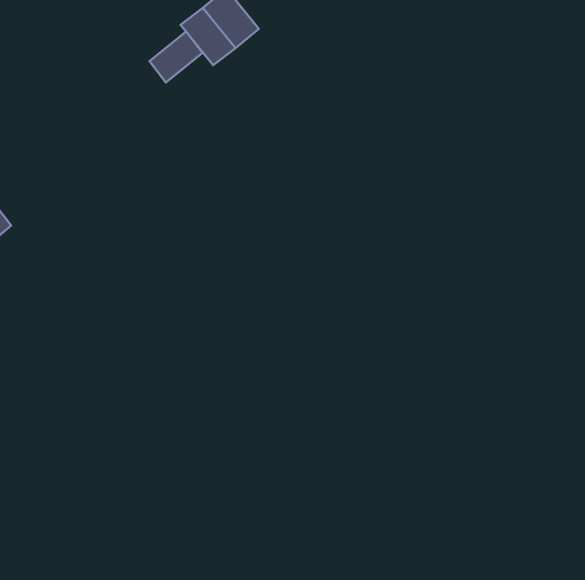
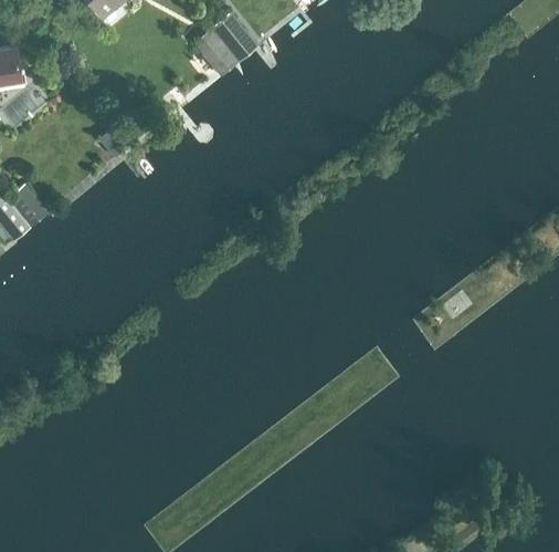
building: [149,32,203,82] -> none

